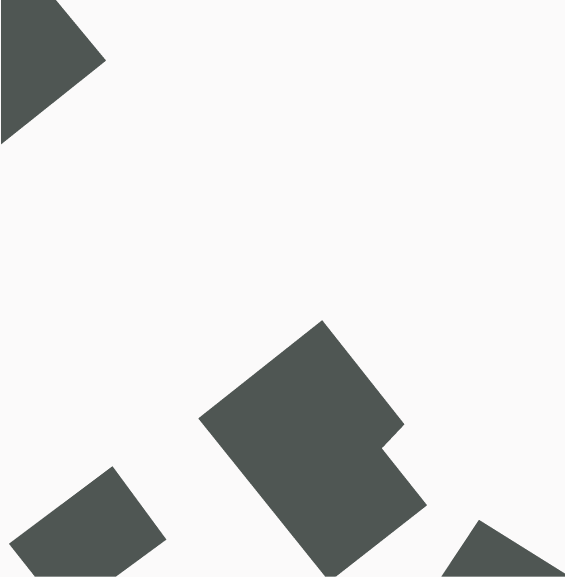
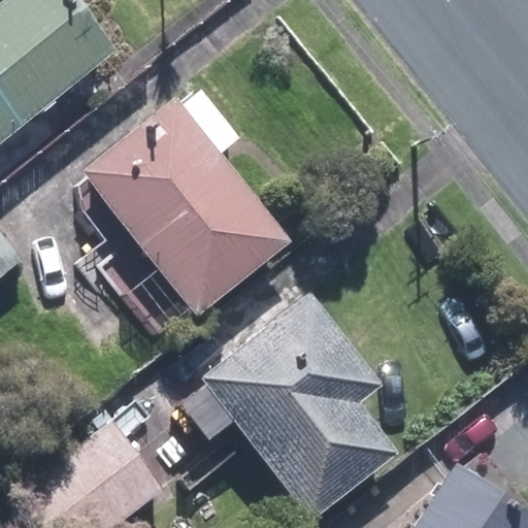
building: none -> [86,105,285,316]

